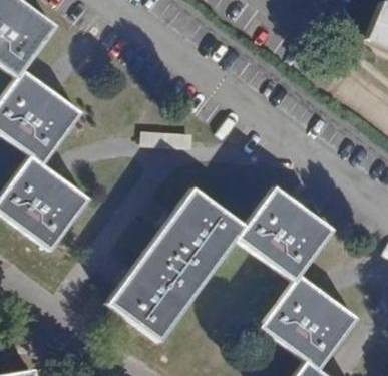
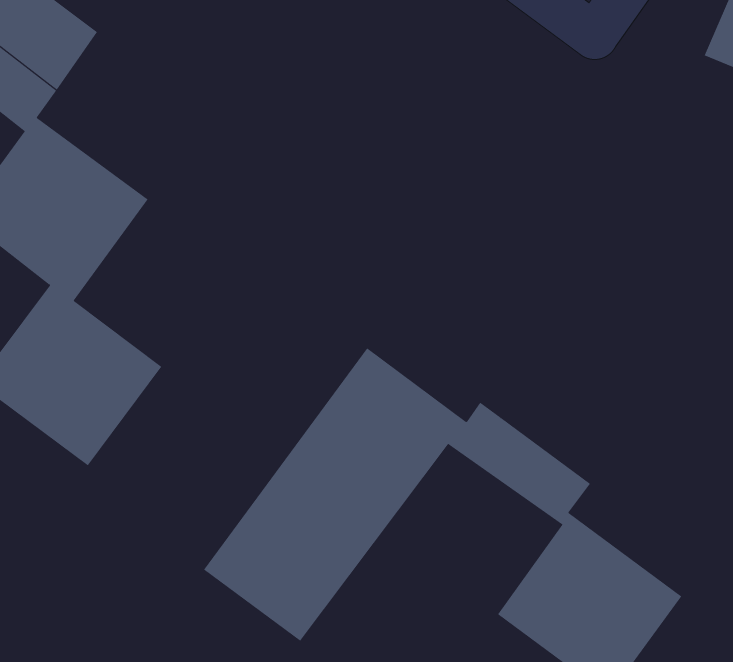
building: [251,187,330,259] -> none

